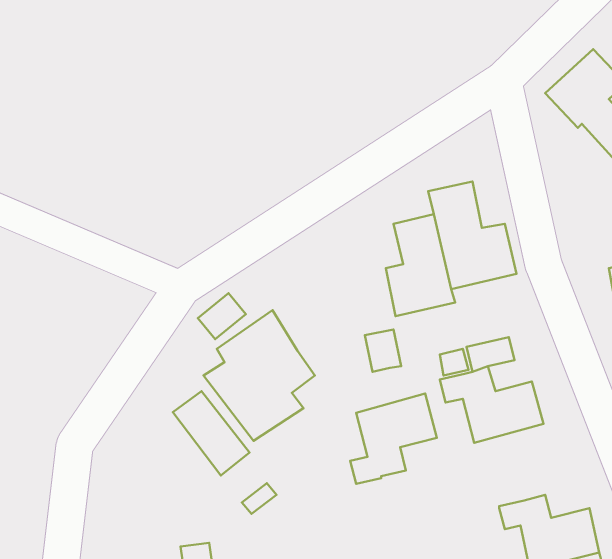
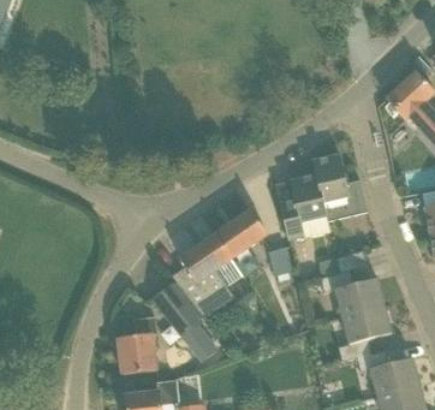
building: none -> [215,207,268,257]
building: [350,394,437,484] -> [338,303,392,360]
building: none -> [118,314,157,372]

